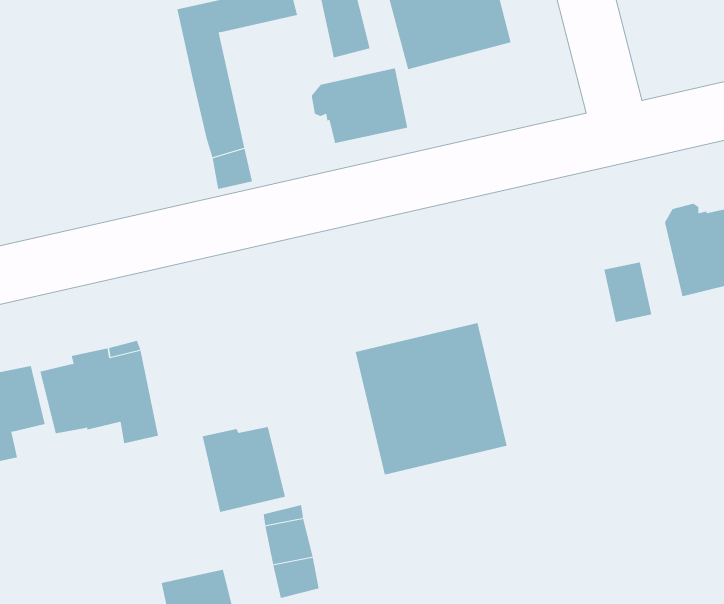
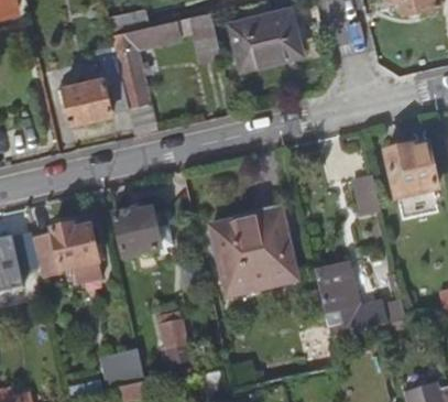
building: [311,68,408,144] -> none
building: none -> [63,74,128,122]
building: none -> [315,265,405,340]
building: [202,426,286,513] -> [113,209,161,258]

